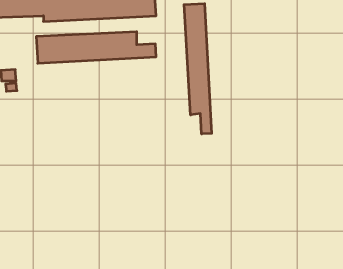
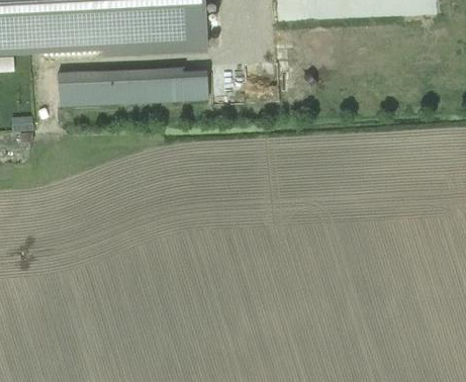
building: [184,4,212,134] -> none

